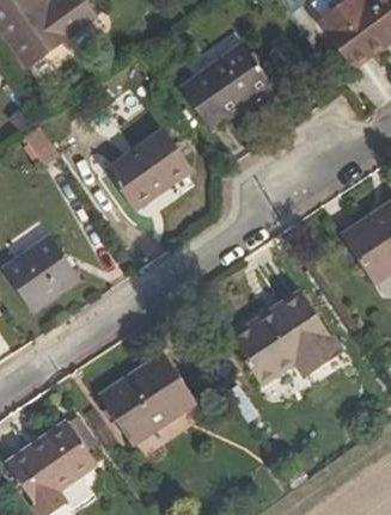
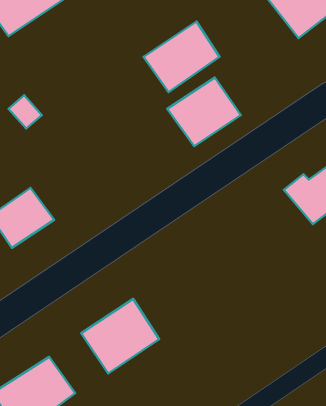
building: [98,125,183,204] -> [167,78,241,146]
building: [221,288,338,385] -> none

